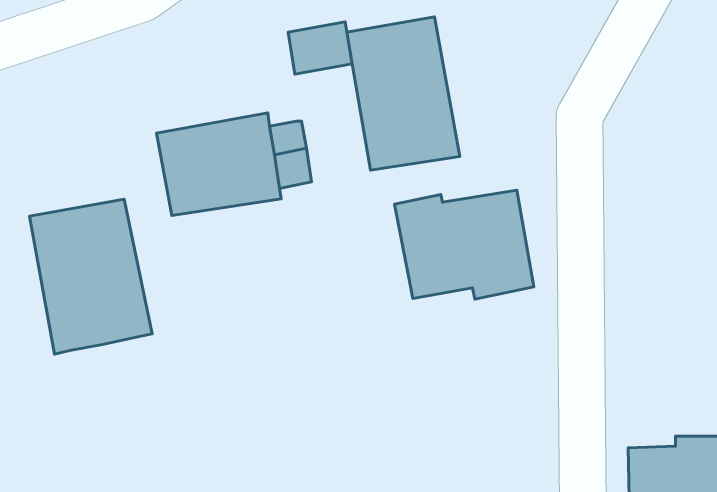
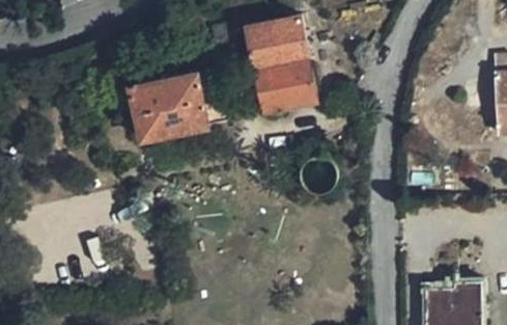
building: [394,190,534,299] -> none
building: [30,199,152,354] -> none

